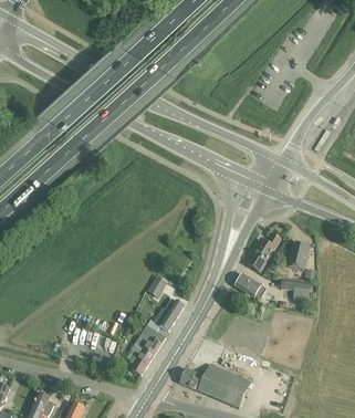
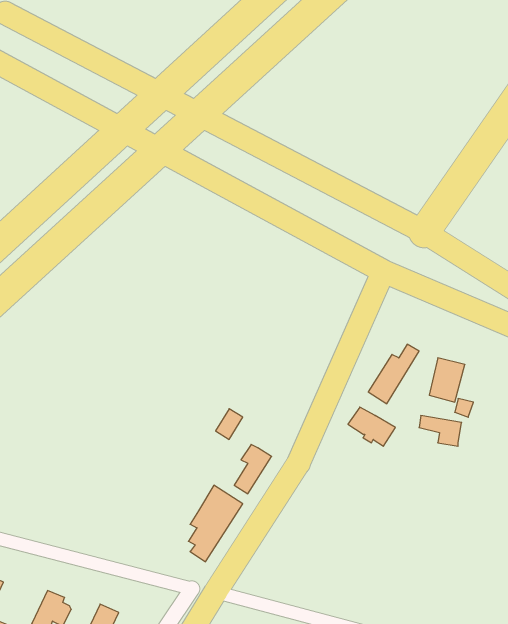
building: [179,363,250,407] -> none

